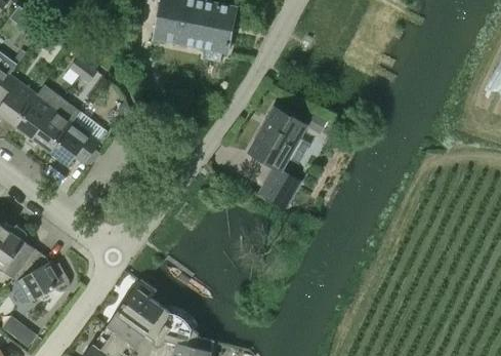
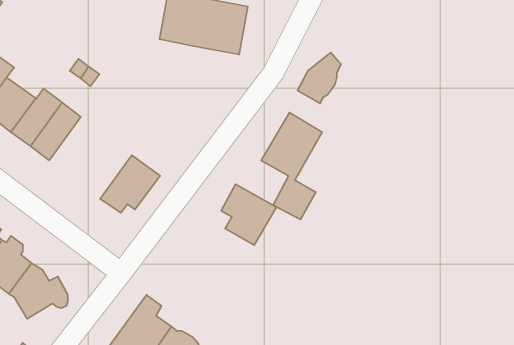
building: none -> [297,52,341,103]
building: [49,111,106,165] -> [100,155,160,213]
building: none -> [221,184,277,245]

